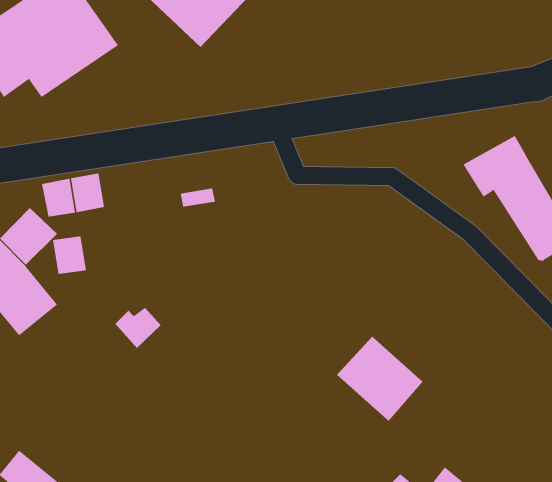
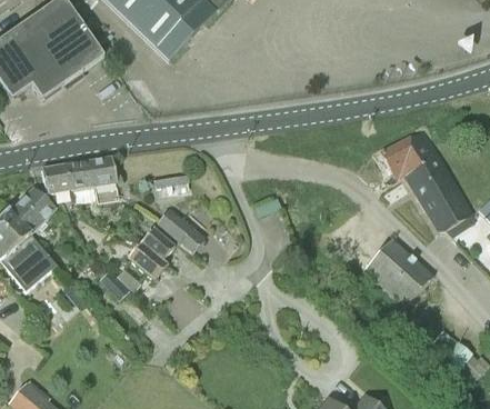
building: none -> [157,207,204,252]
building: [52,236,87,275] -> [89,156,117,187]
building: none -> [128,227,174,279]
building: [336,336,424,422] -> [363,238,433,307]

